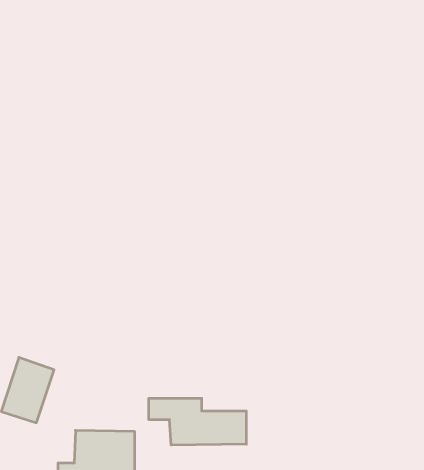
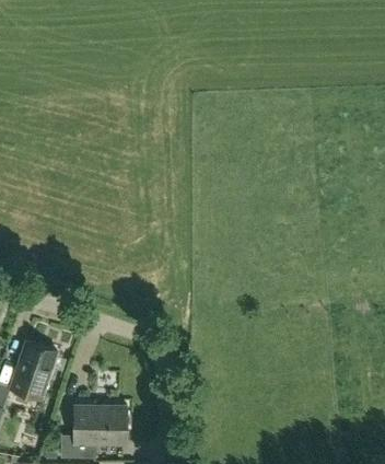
building: [149,398,246,445] -> none

